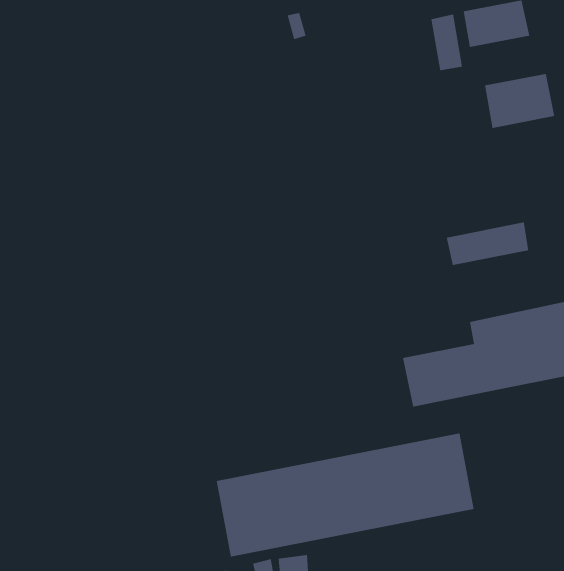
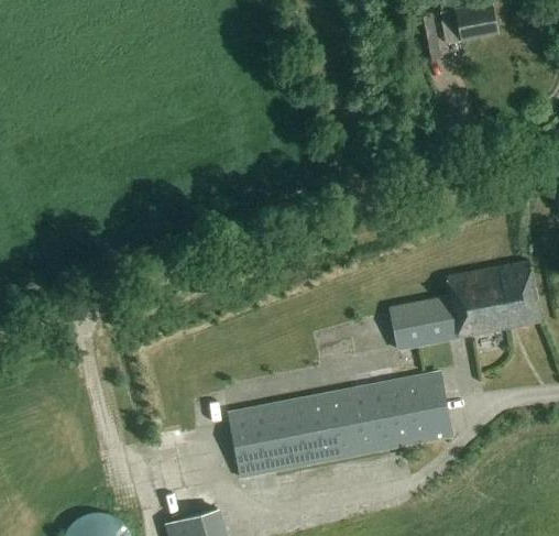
building: [484,73,555,129] -> none
building: [446,222,529,266] -> none

